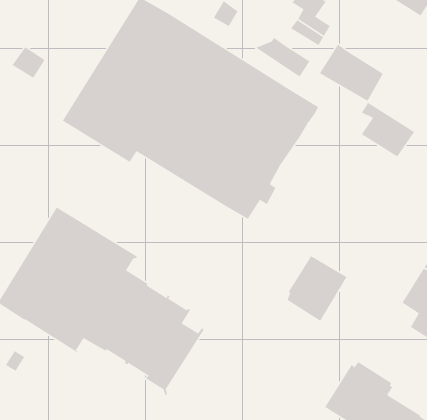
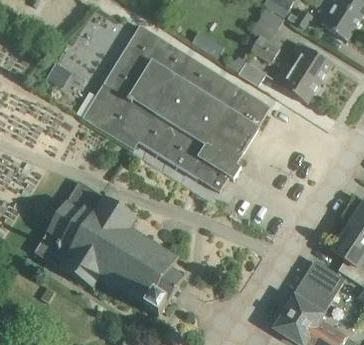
building: [361,102,415,158] -> [292,41,332,82]
building: [286,255,348,322] -> [300,261,345,310]

